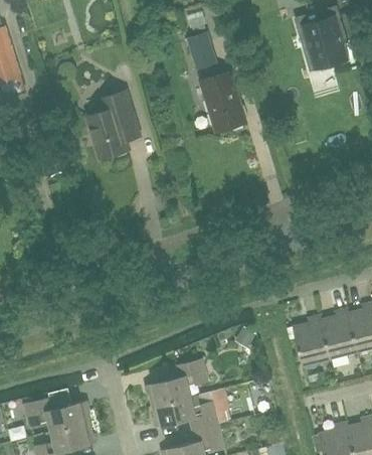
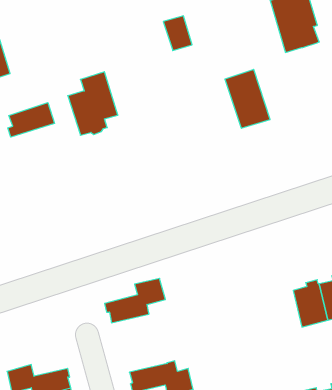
building: [199,70,246,132] -> [225,69,270,128]
building: none -> [8,103,54,137]
building: [295,314,331,364] -> none
building: [144,358,207,405] -> [105,278,165,323]

